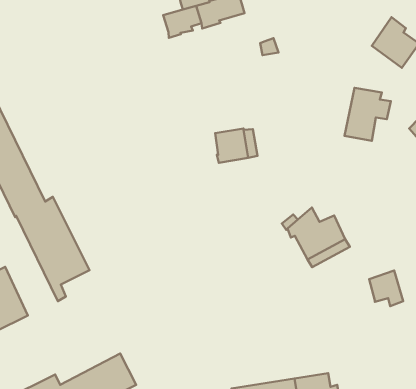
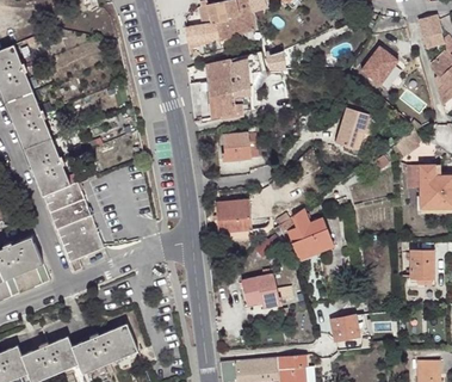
building: none -> [205,51,266,118]
building: none -> [216,199,253,239]
building: [369,271,403,306] -> [332,314,360,345]
building: none -> [241,269,281,307]

